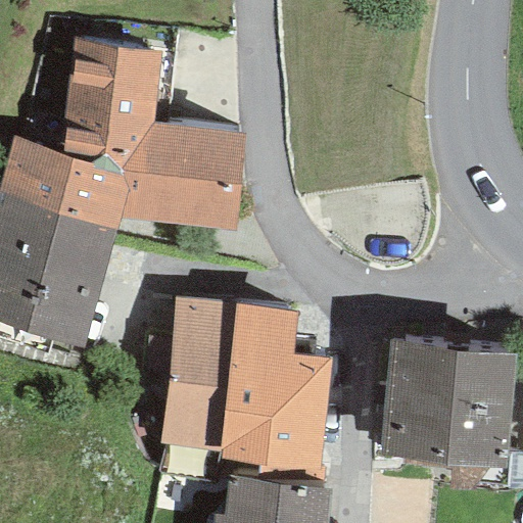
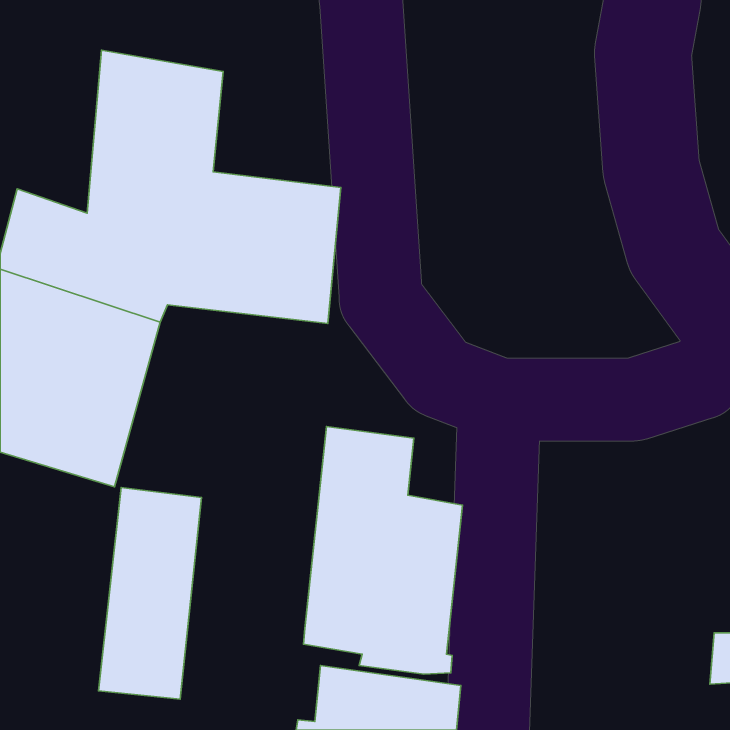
building: [160,297,234,448] -> [98,487,201,699]
building: [382,340,517,468] -> none

